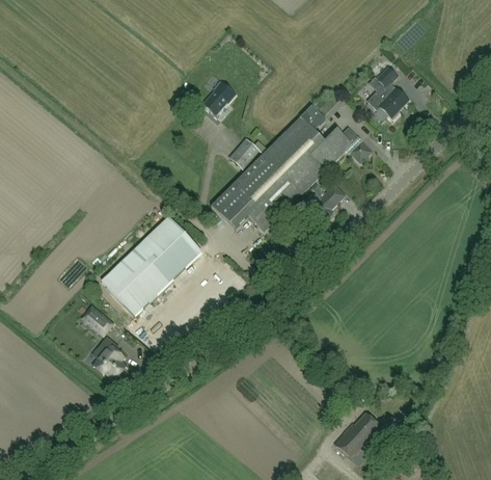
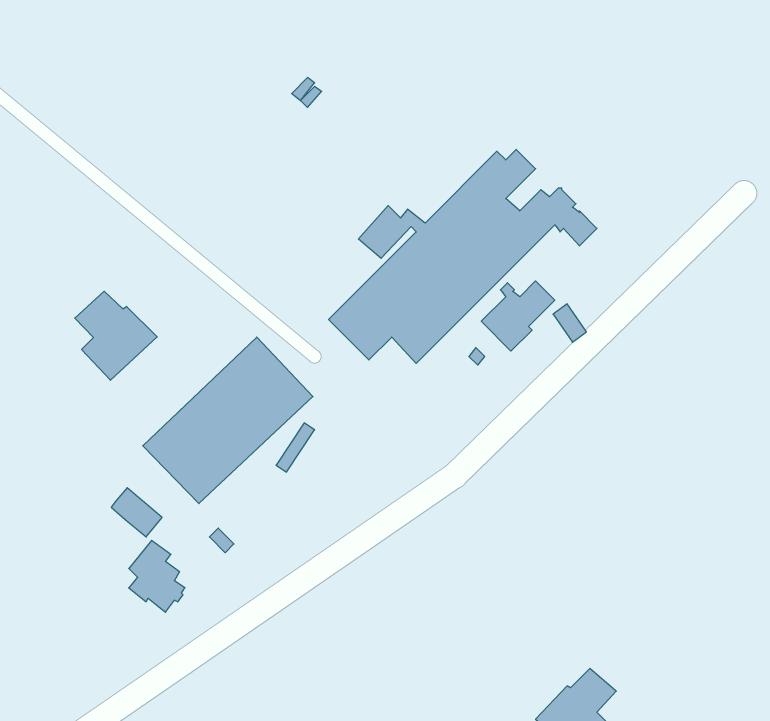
building: [366,66,407,117] -> none
building: [203,74,241,114] -> none
building: none -> [75,291,157,380]

